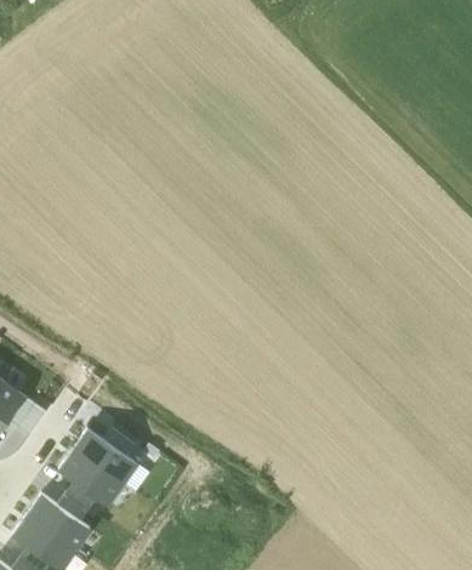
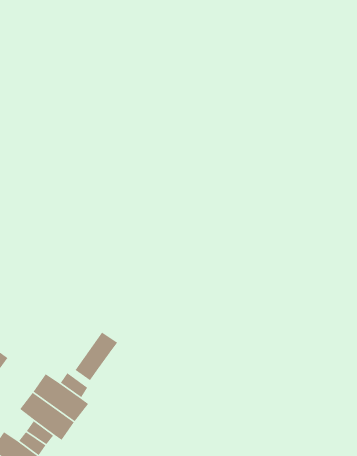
building: none -> [75,332,118,381]

